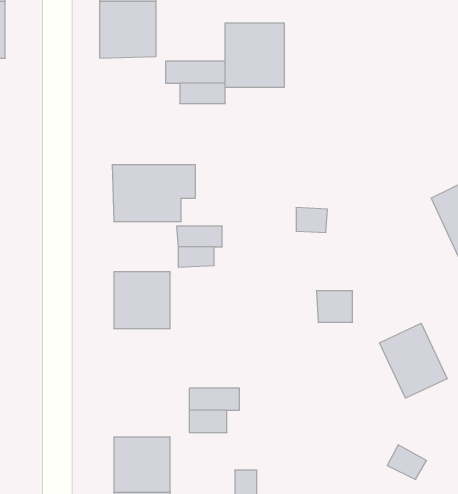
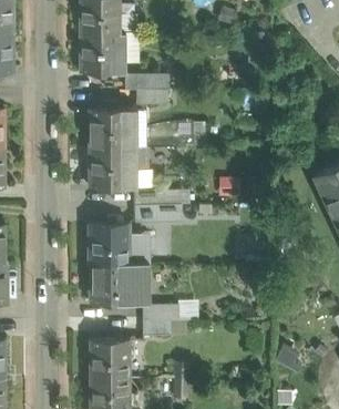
building: [225,23,284,87] -> none
building: none -> [89,109,130,149]
building: [380,323,447,398] -> none
building: none -> [90,263,150,304]

